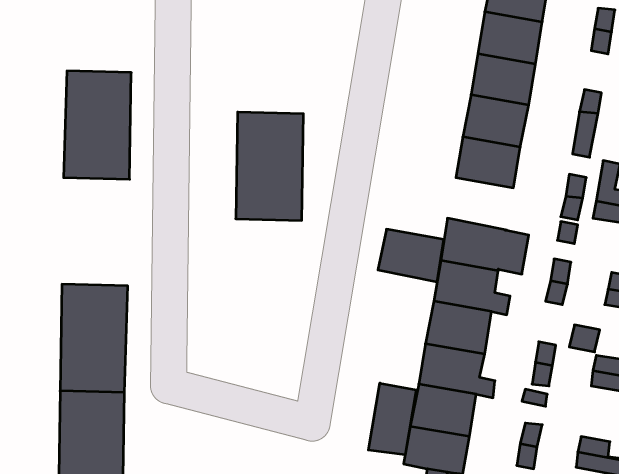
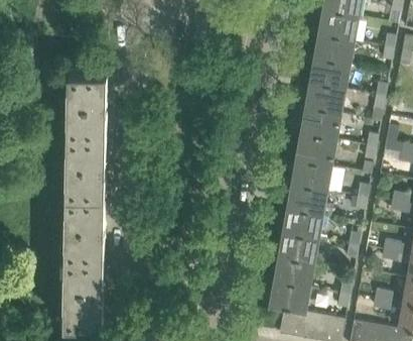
building: [236,112,303,220] -> [65,135,106,200]
building: [378,229,444,282] -> [295,135,334,166]
building: [368,383,416,455] -> none

